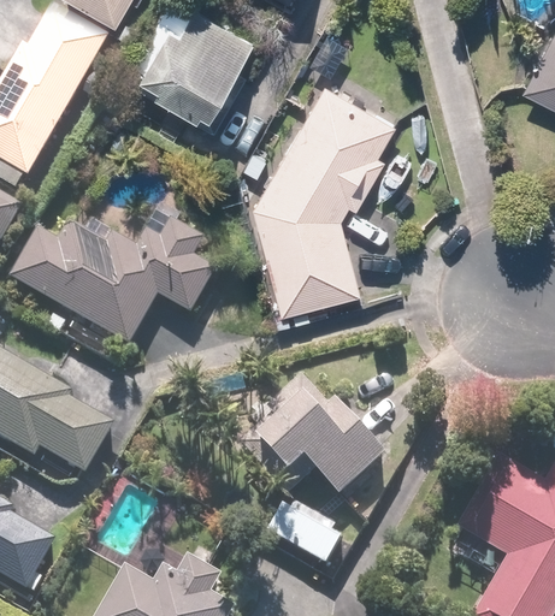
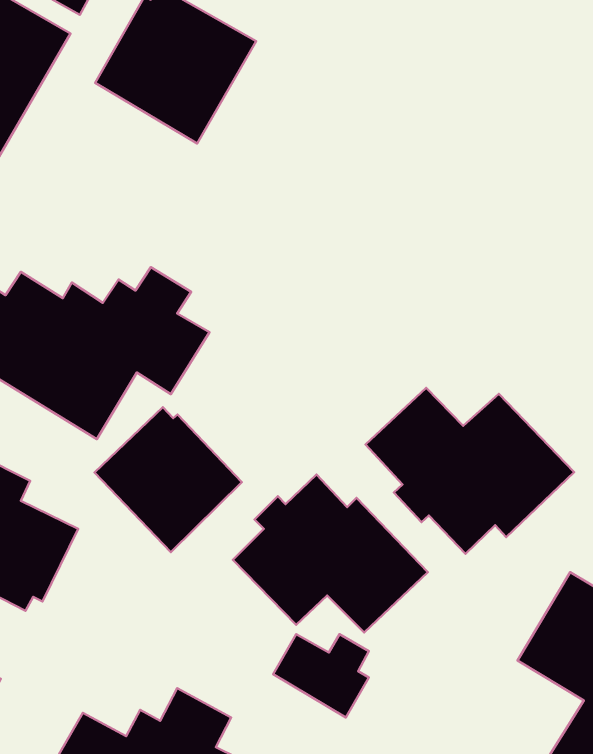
building: [253,83,396,316] -> none
building: none -> [366,388,574,554]
building: none -> [95,407,242,552]

